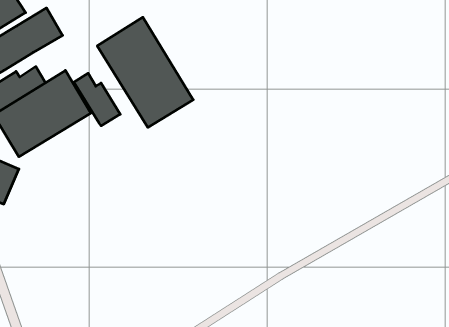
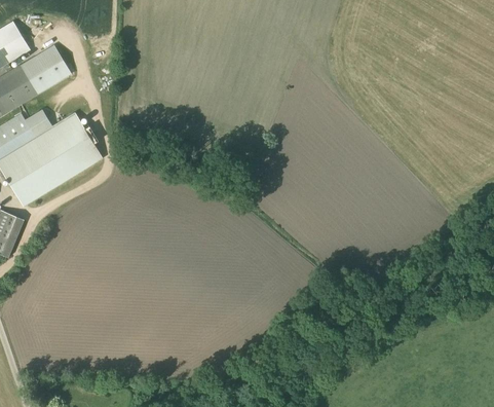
building: [97,17,193,127] -> none
building: [74,73,120,126] -> none

